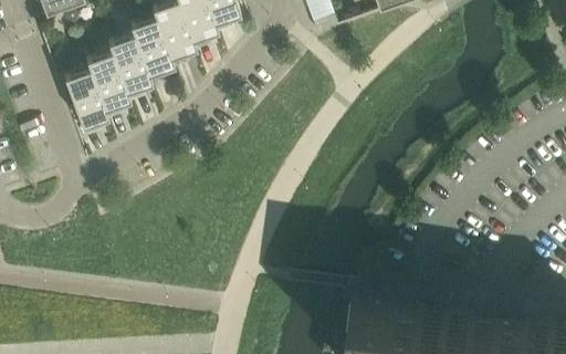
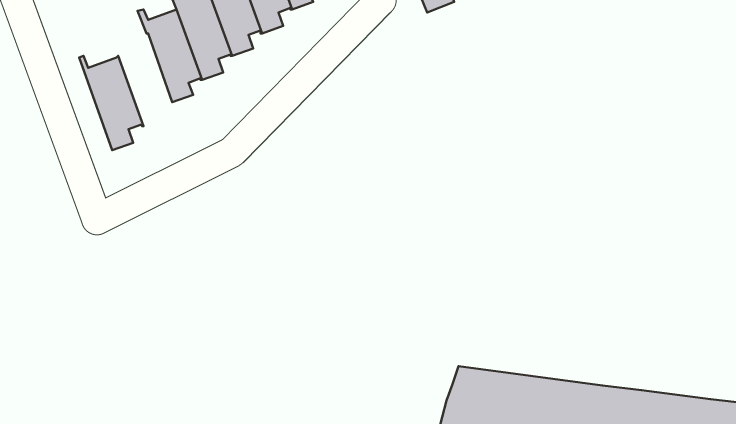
building: [85,53,132,123] -> none

